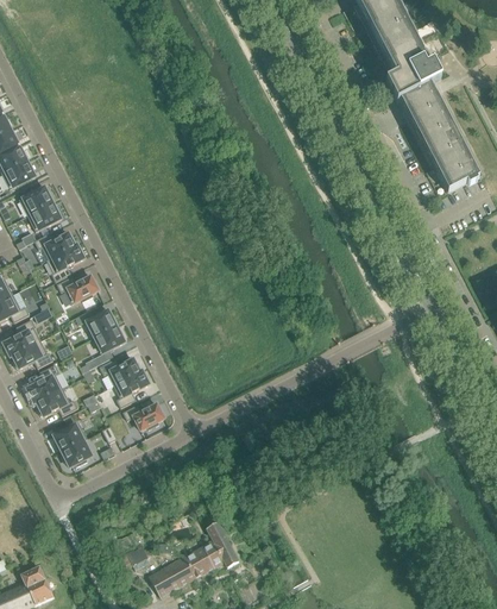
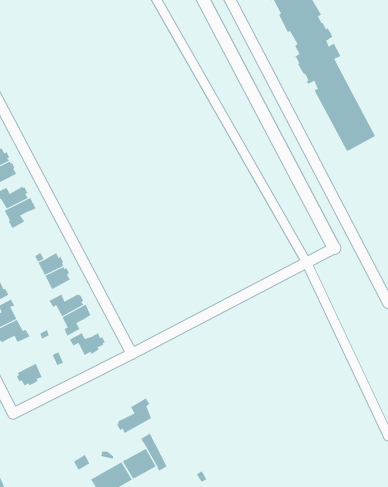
building: [57,276,100,303] -> none
building: [54,422,87,451] -> none
building: none -> [117,397,155,435]

